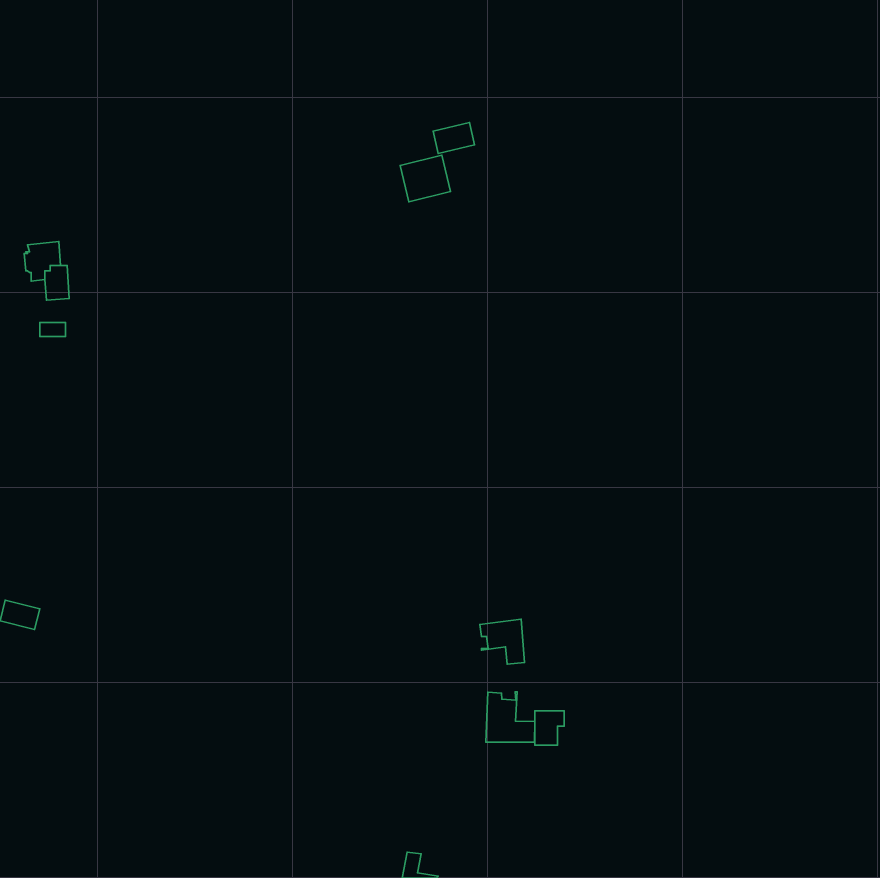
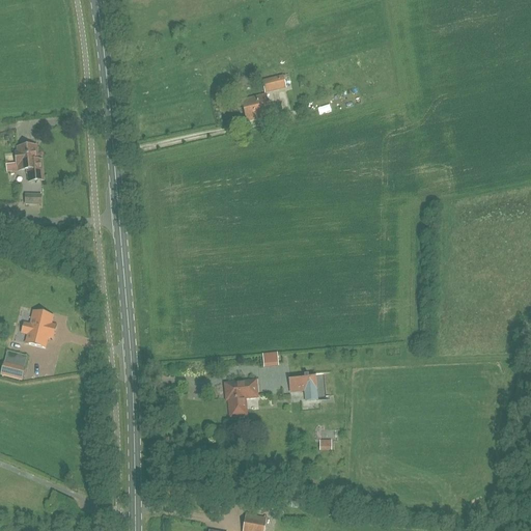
building: none -> [28,311,55,346]
building: none -> [224,380,257,415]
building: [486,692,535,742] -> none

